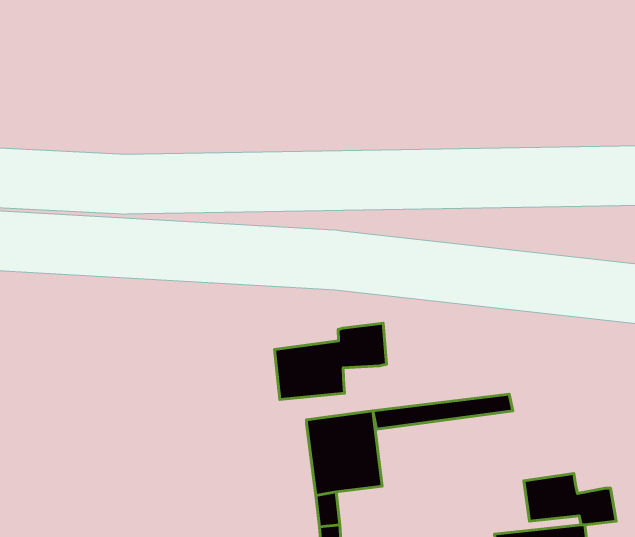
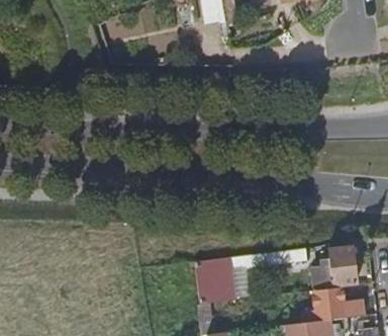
building: [274,323,386,399] -> none
building: none -> [310,244,354,283]

